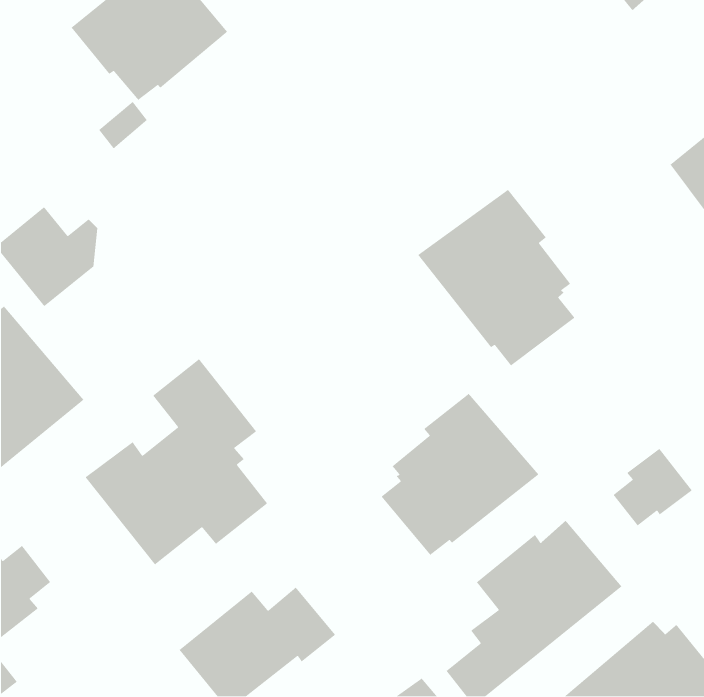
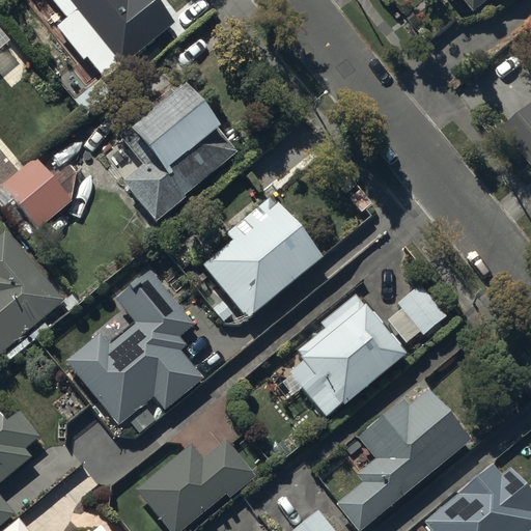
building: none -> [116,84,236,221]
building: [417,189,576,366] -> none
building: none -> [188,197,320,322]
building: [612,448,693,527] -> [388,282,448,341]

